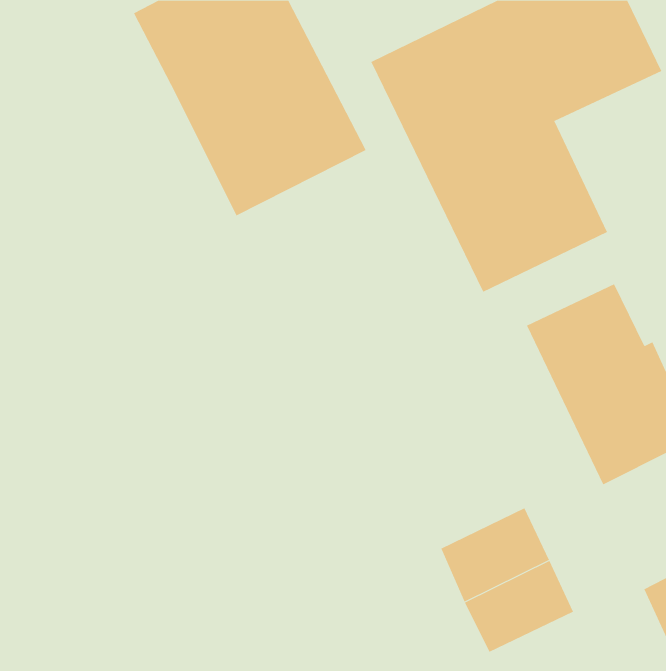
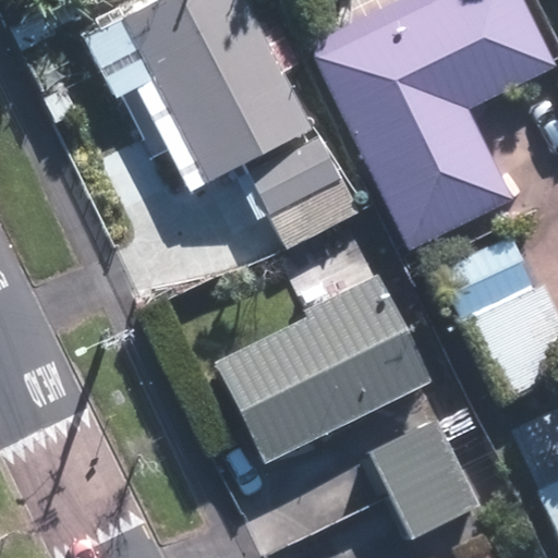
building: none -> [247,131,359,245]
building: none -> [217,276,430,462]

